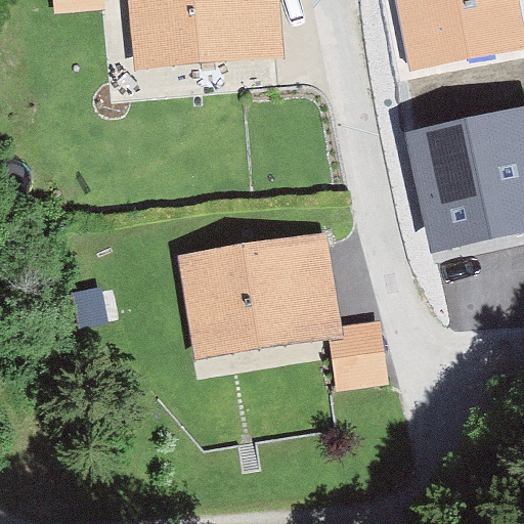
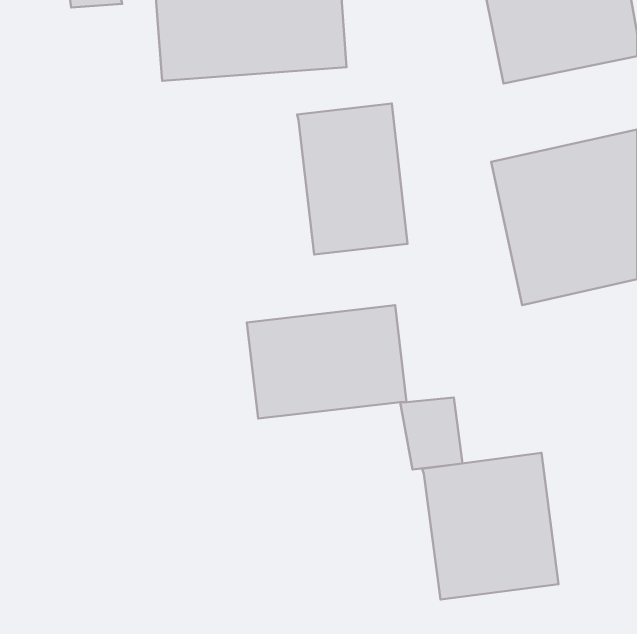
building: none -> [297,103,408,255]
building: none -> [422,453,559,599]

